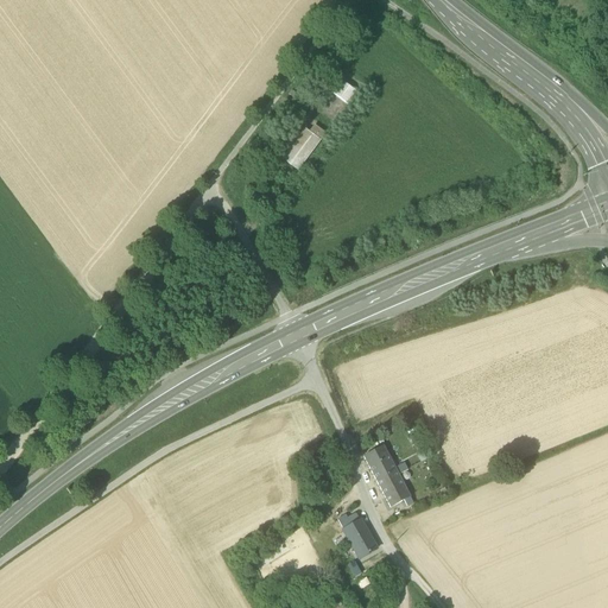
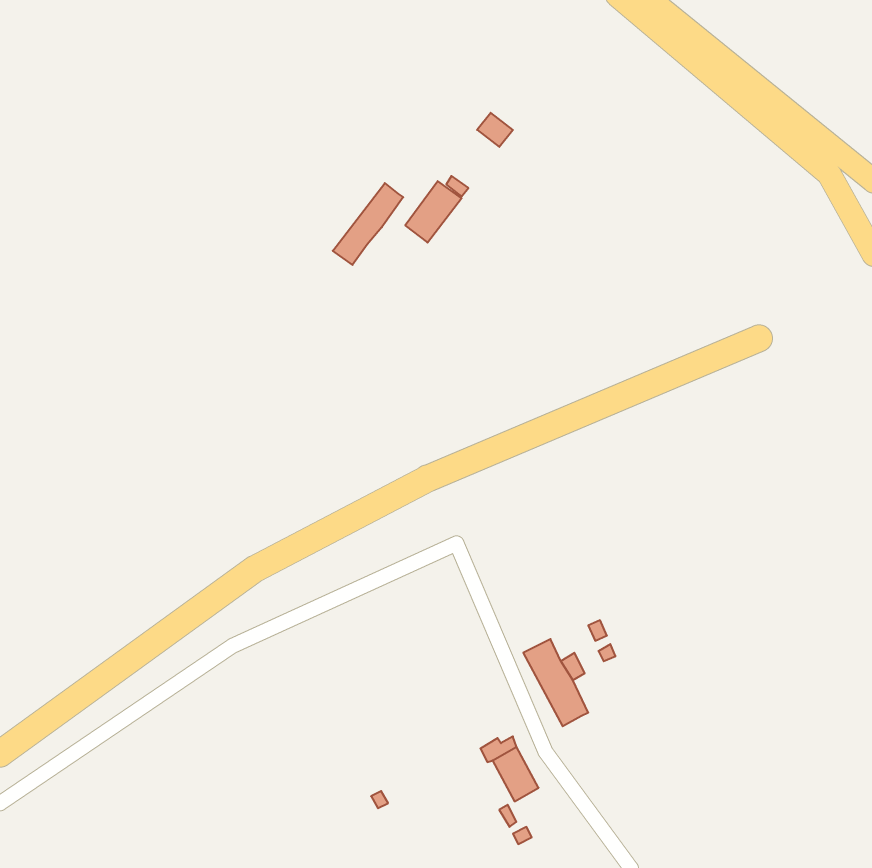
building: none -> [333,183,403,265]

